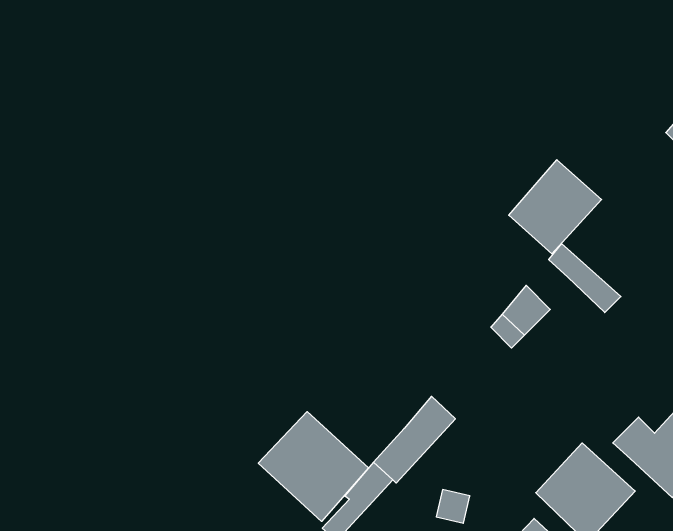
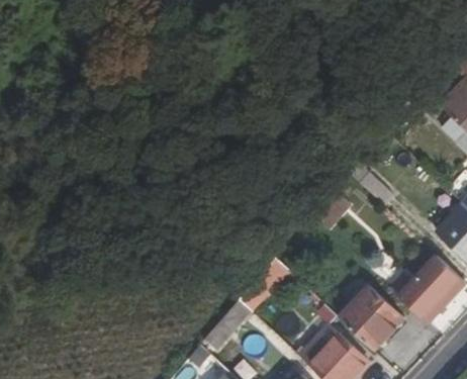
building: [509,160,602,254] -> none
building: [258,412,369,521] -> none

